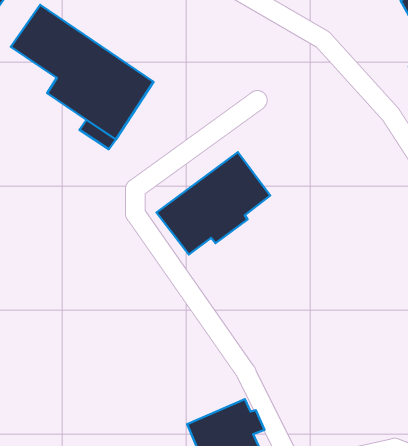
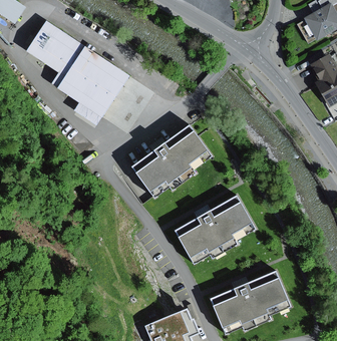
building: none -> [174,198,254,265]
building: none -> [215,267,294,329]

